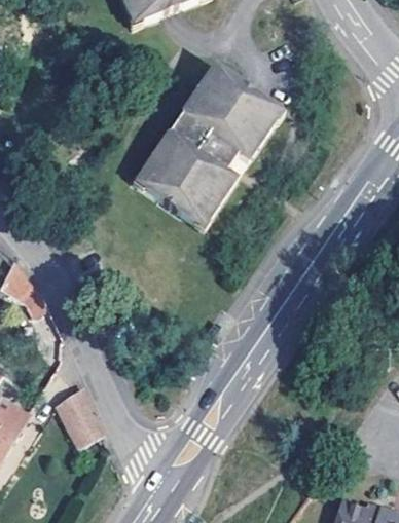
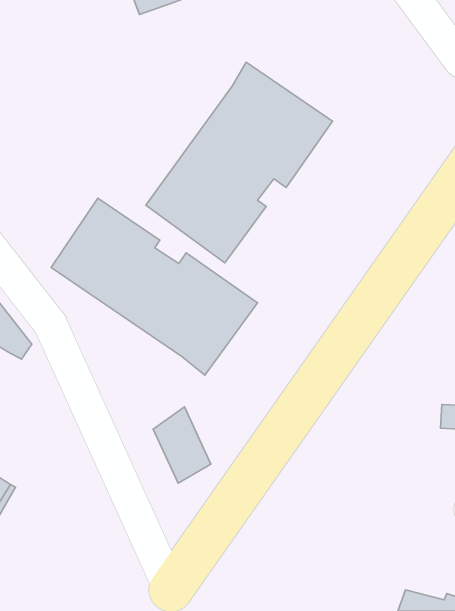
building: none -> [51,198,257,375]
building: [53,389,101,452] -> [153,407,211,483]

